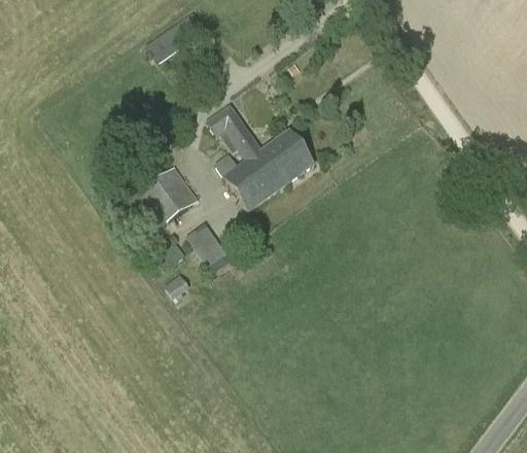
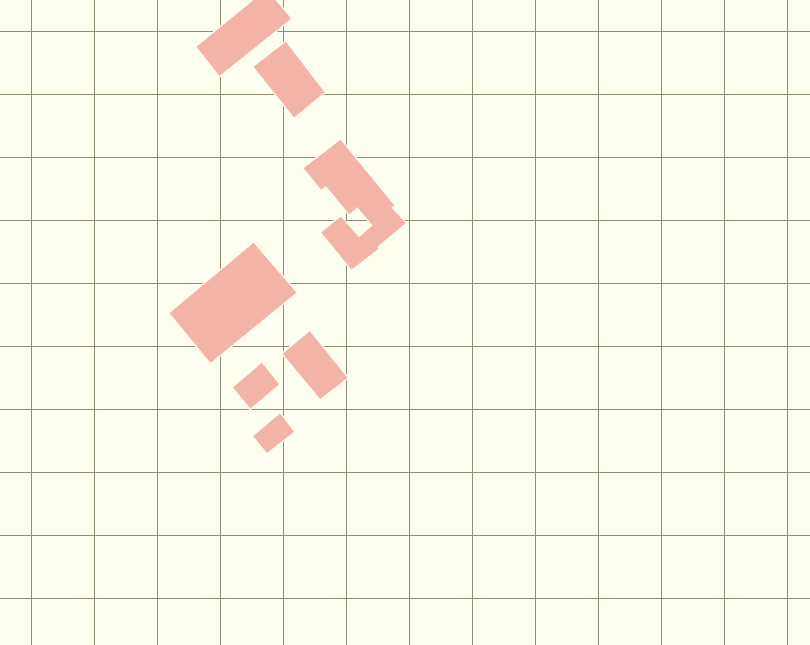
building: none -> [253,41,326,119]
building: [233,130,313,210] -> none

